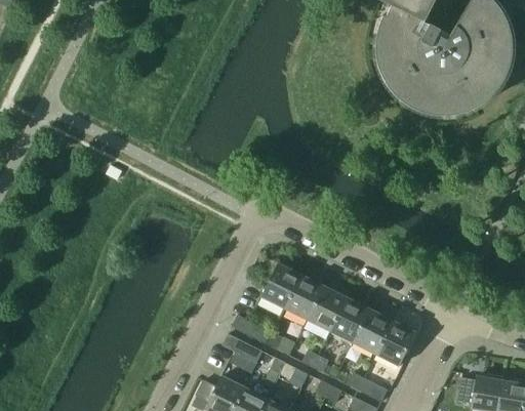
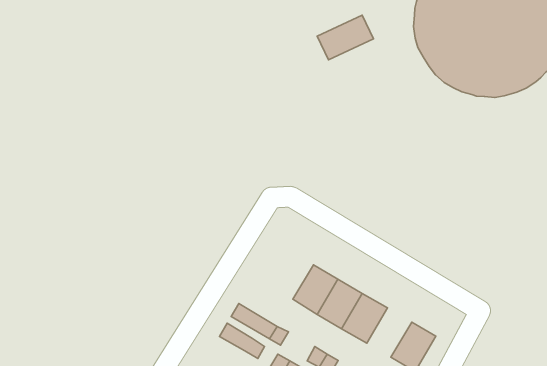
building: none -> [317,15,373,60]
building: [261,264,301,309] -> none
building: [354,311,393,355] -> none

